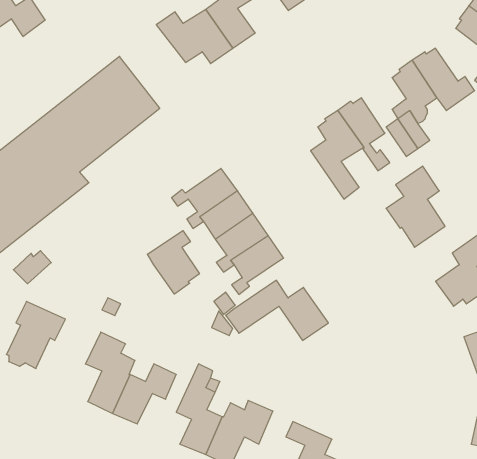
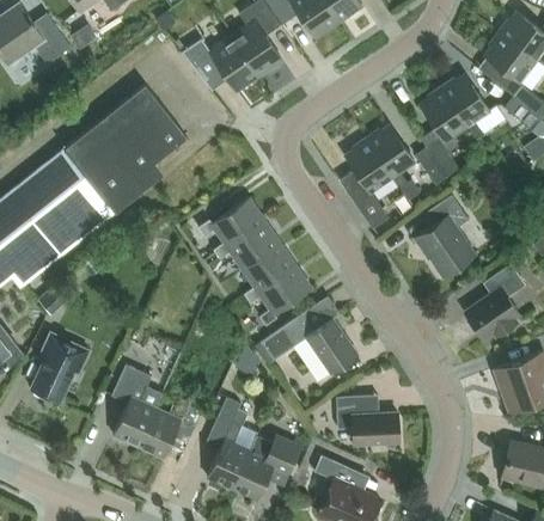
building: [147,231,199,294] -> none
building: none -> [337,396,399,445]

